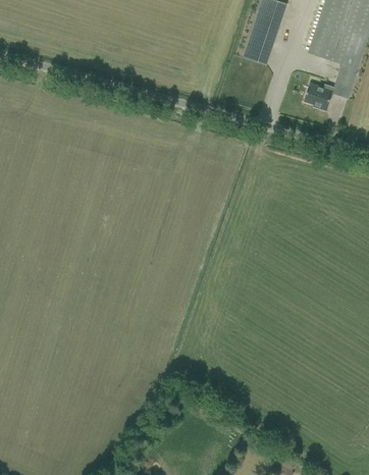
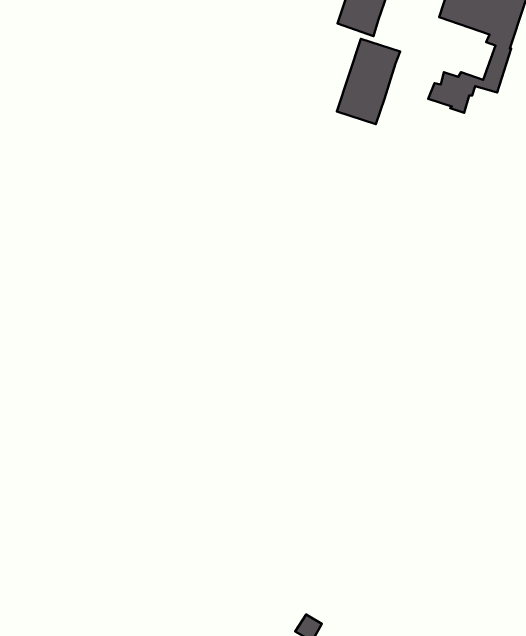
building: none -> [337,39,400,124]

